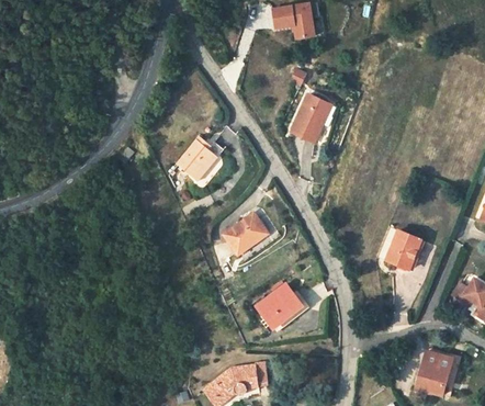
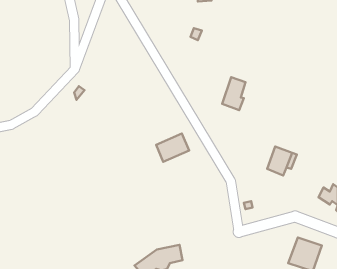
building: [287,93,319,138] -> [222,77,246,110]
building: [179,138,224,182] -> none
building: [255,283,303,328] -> none

